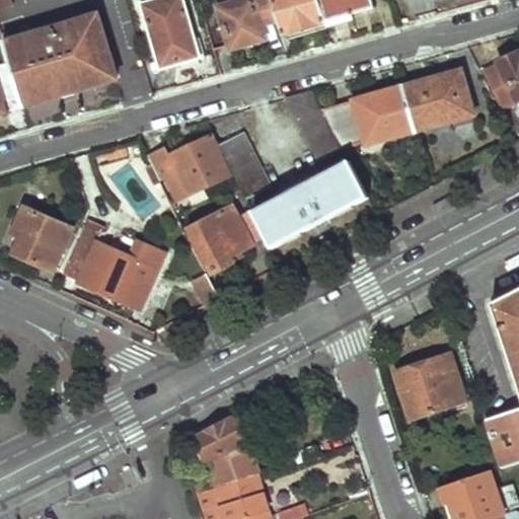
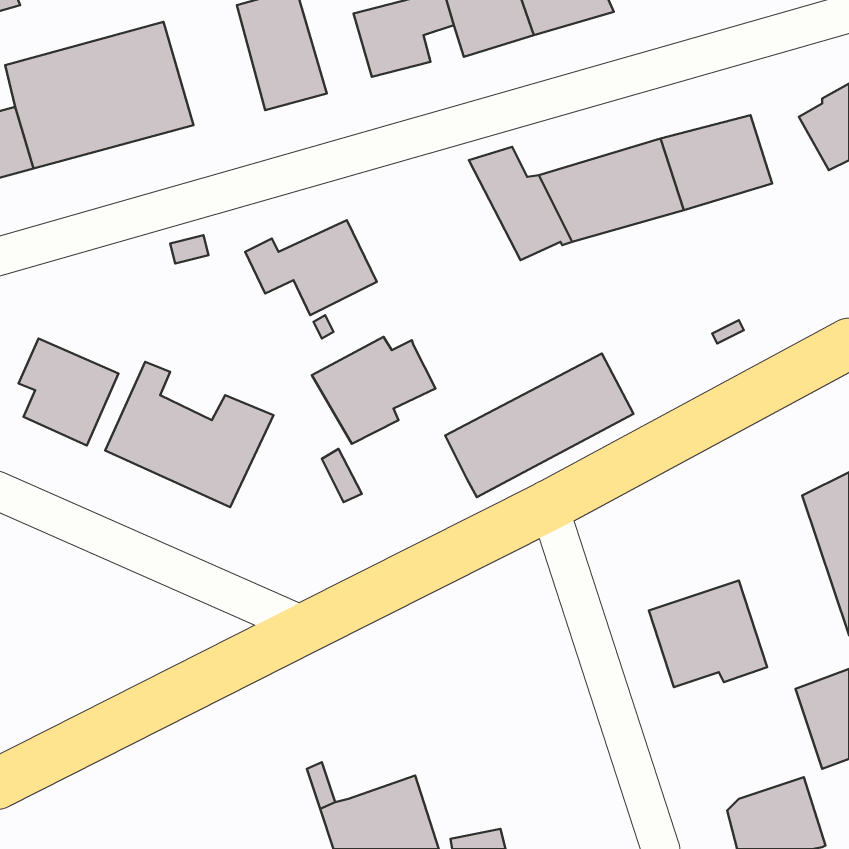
building: [217,129,270,197] -> none
building: [251,160,366,247] -> [445,354,634,497]
building: [190,414,252,486] -> none

